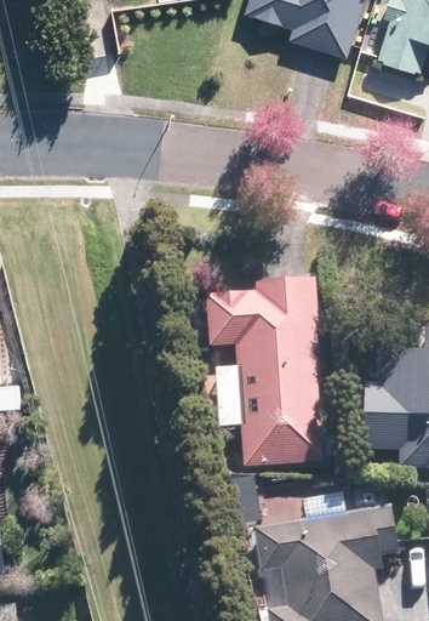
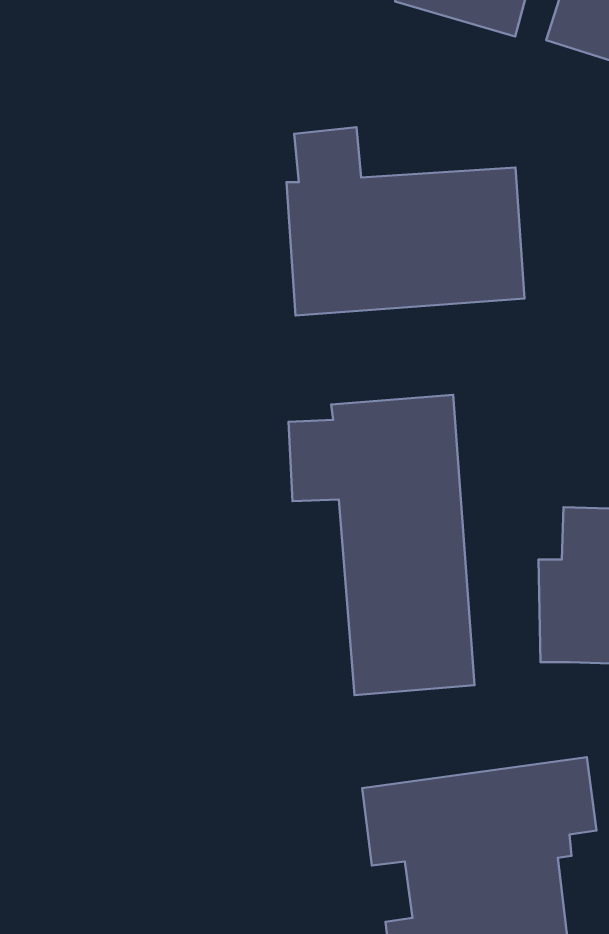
building: none -> [286,127,524,315]

